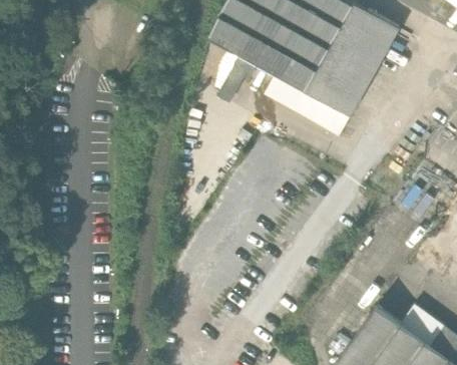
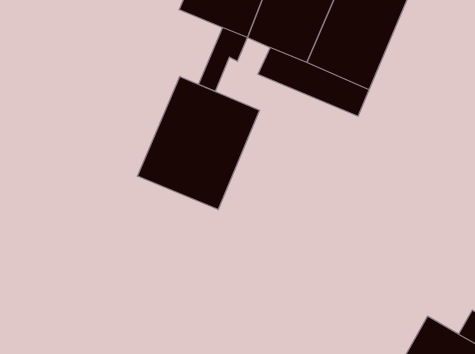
building: none -> [137,76,259,210]

